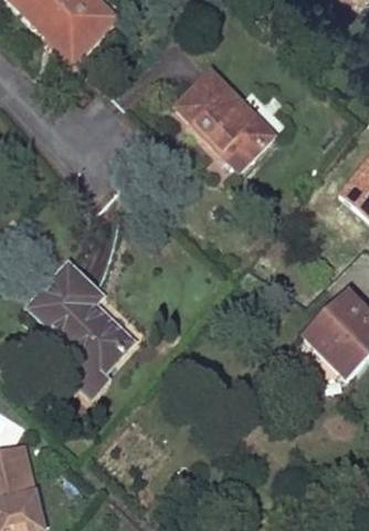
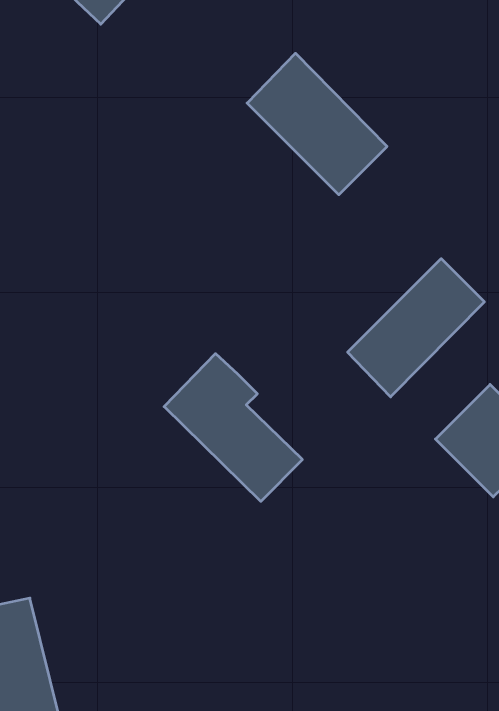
building: none -> [348,259,484,397]
building: [32,269,127,371] -> [164,354,302,501]

